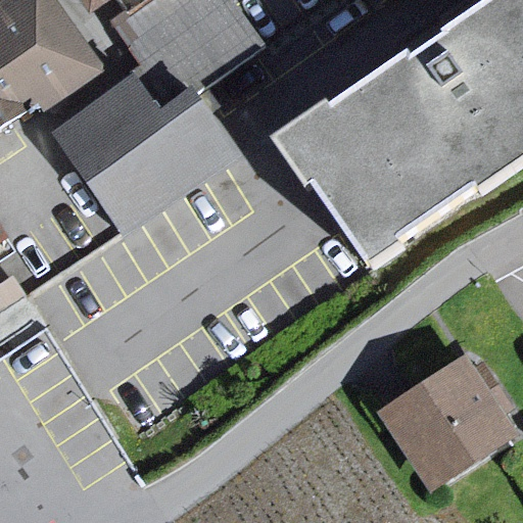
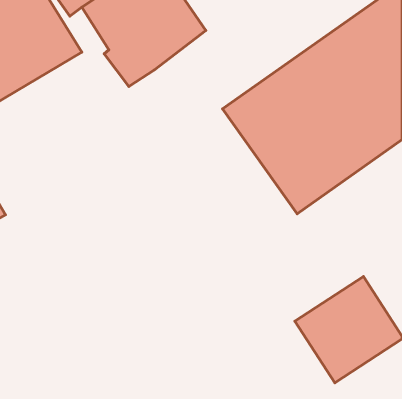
building: [53,68,230,226] -> none

